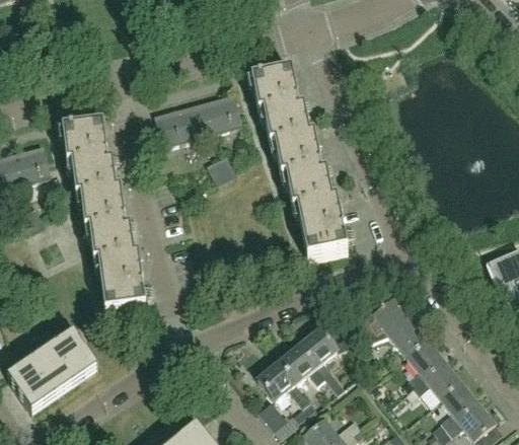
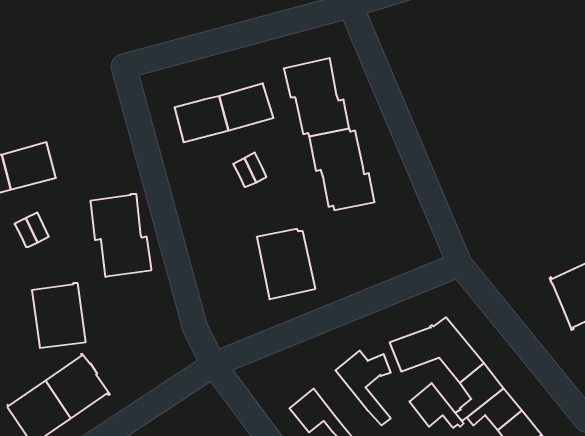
building: [63,124,117,197] -> none
building: [296,197,348,258] -> [257,229,315,299]
building: [98,255,146,312] -> [32,283,86,348]
building: [278,345,325,384] -> [409,383,464,428]

